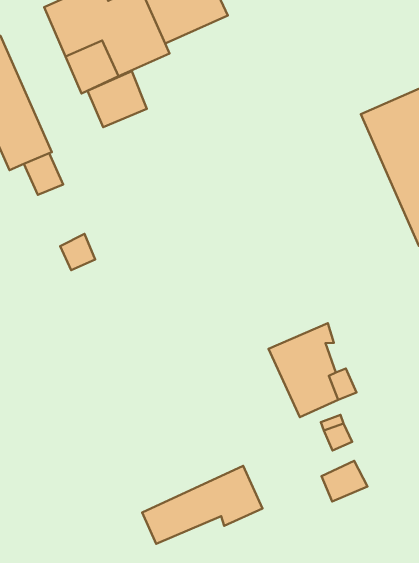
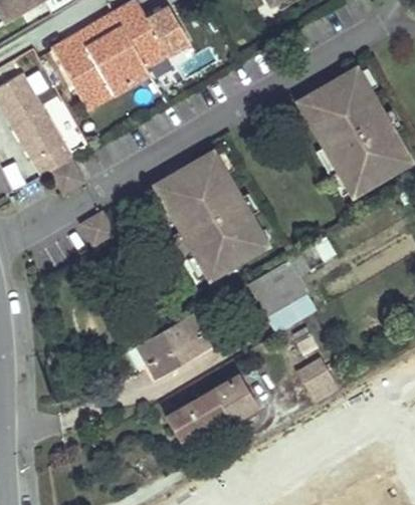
building: [87,71,147,127] -> none
building: none -> [155,153,266,279]
building: none -> [131,317,207,380]

